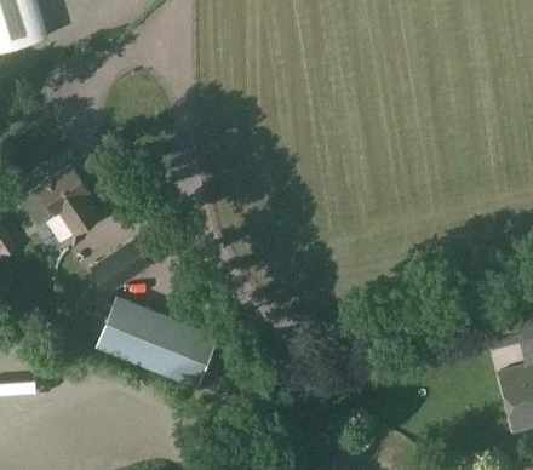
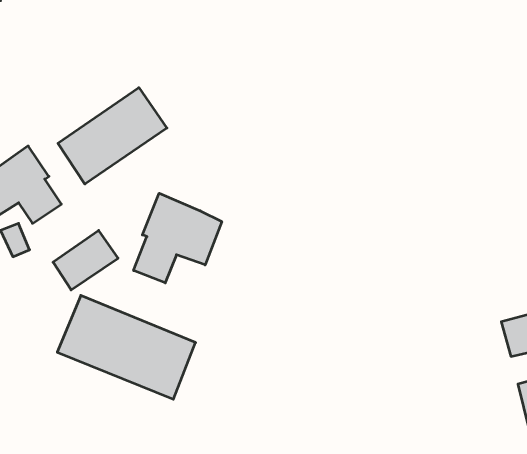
building: none -> [58,88,167,184]
building: none -> [134,193,222,283]

